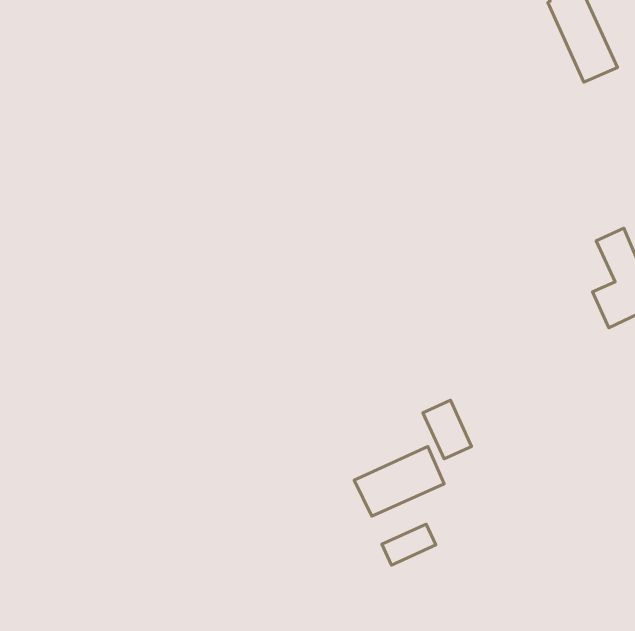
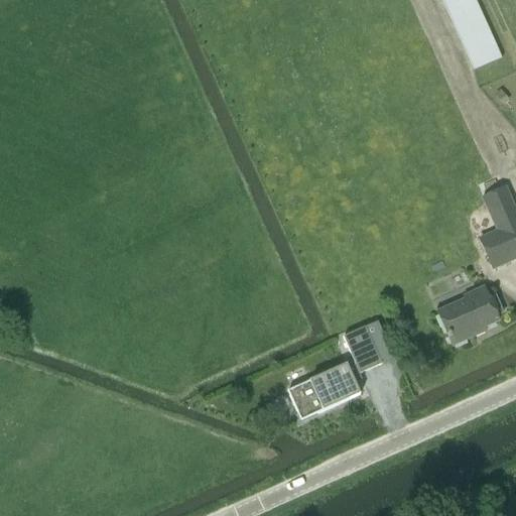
building: none -> [437,284,504,342]
building: [382,524,436,565] -> none

